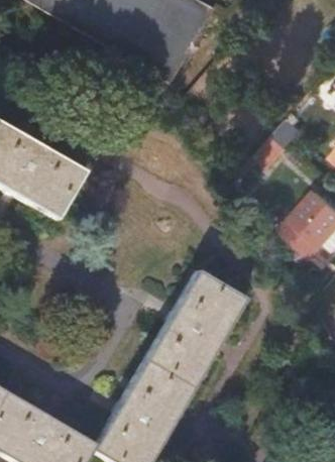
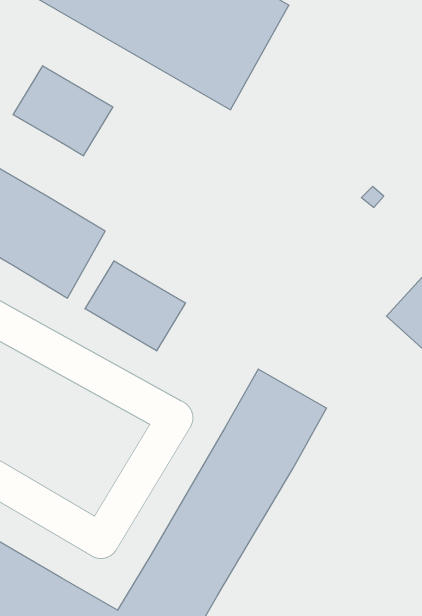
building: none -> [13,66,113,156]
building: none -> [85,261,186,351]

